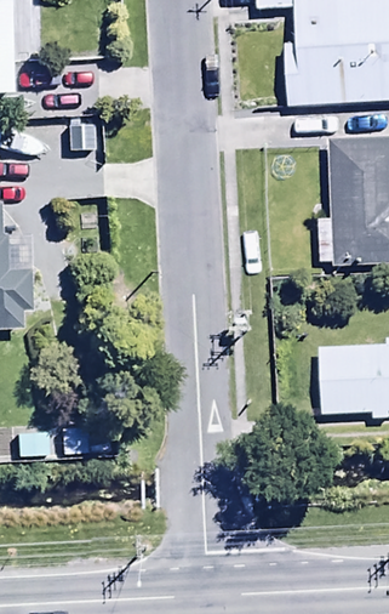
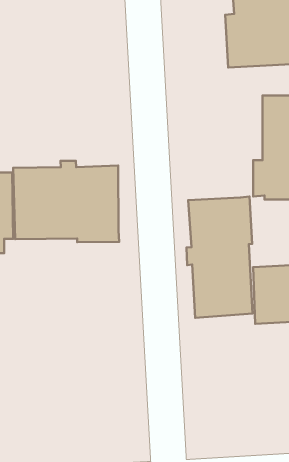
building: none -> [13,161,119,242]
building: none -> [186,197,253,318]

